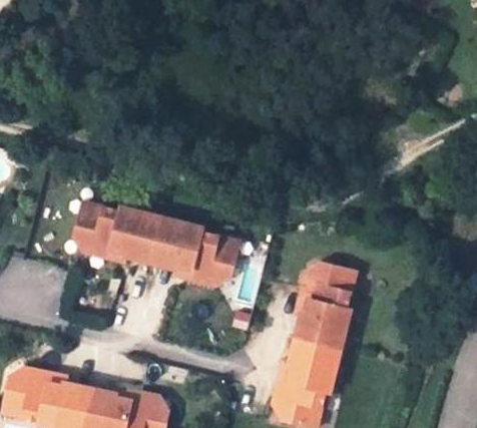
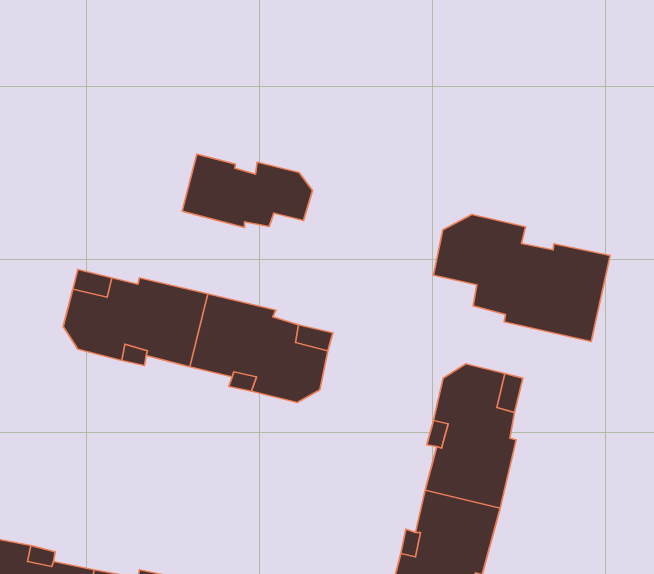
building: none -> [182,154,313,227]
building: none -> [433,214,610,341]

